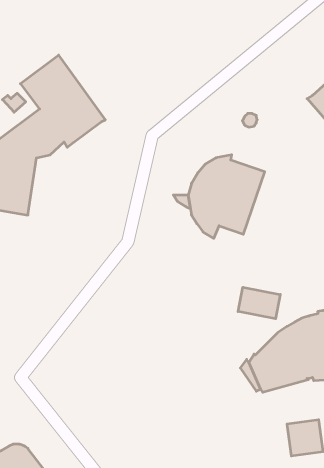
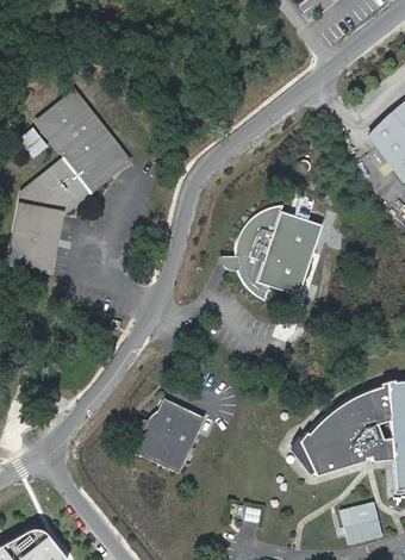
building: [238,287,280,319] -> none
building: none -> [137,399,206,472]

